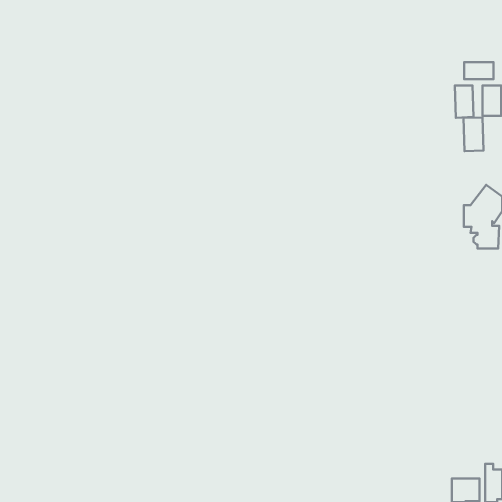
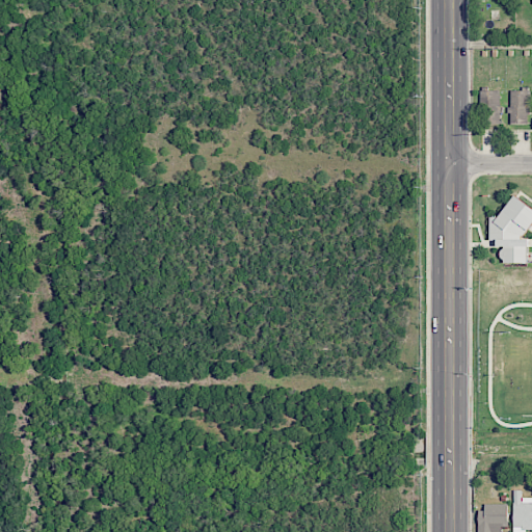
building: [464,62,494,79] -> none
building: [463,117,483,151] -> none

